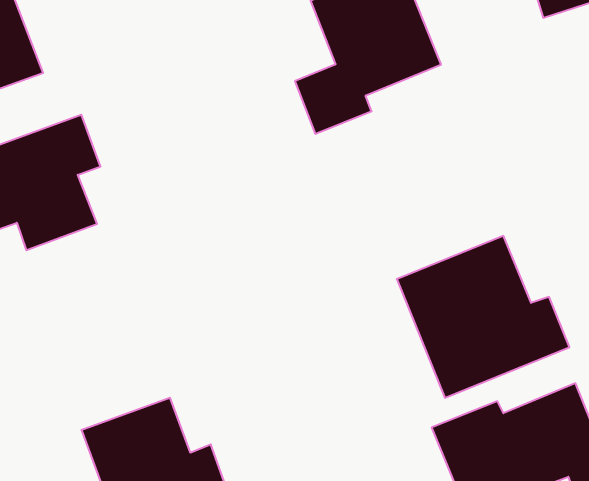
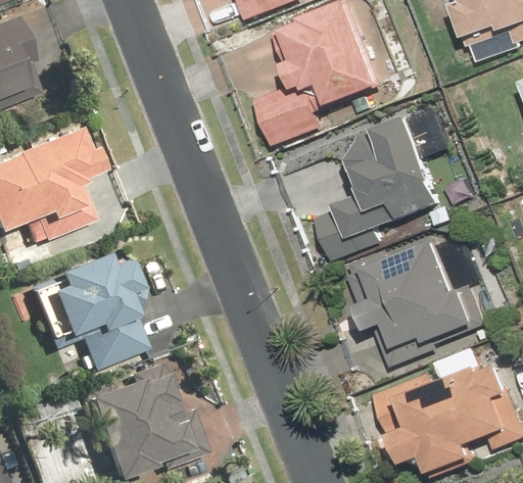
building: none -> [315,115,441,260]
building: none -> [28,249,142,371]

